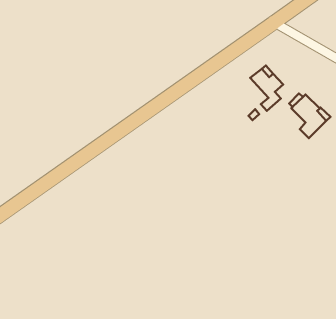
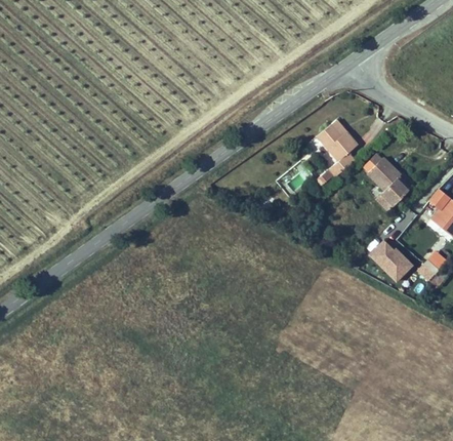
building: none -> [366,238,413,285]

